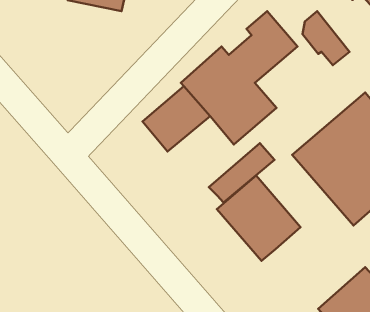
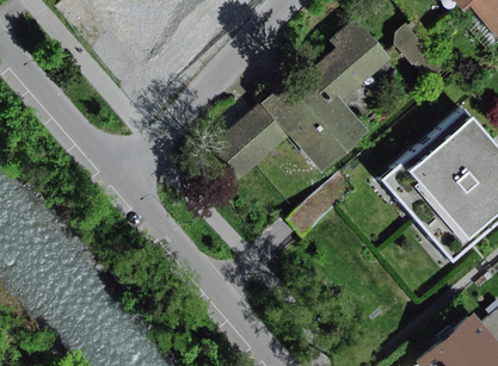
building: [217,175,300,261] -> none

